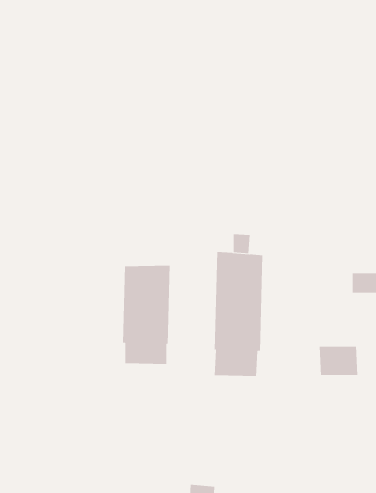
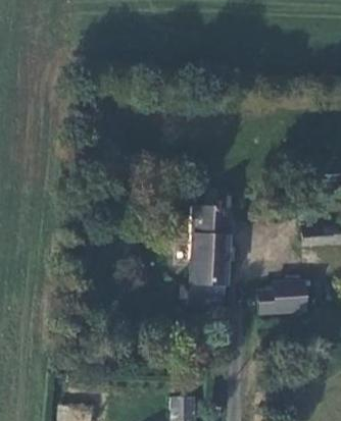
building: [122,265,170,365] -> none

